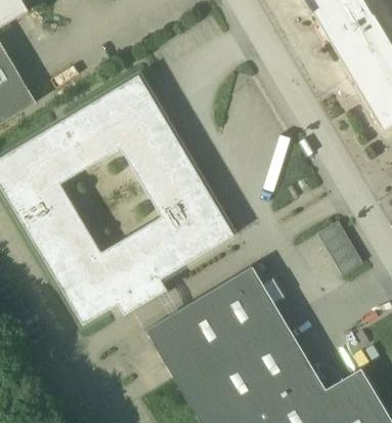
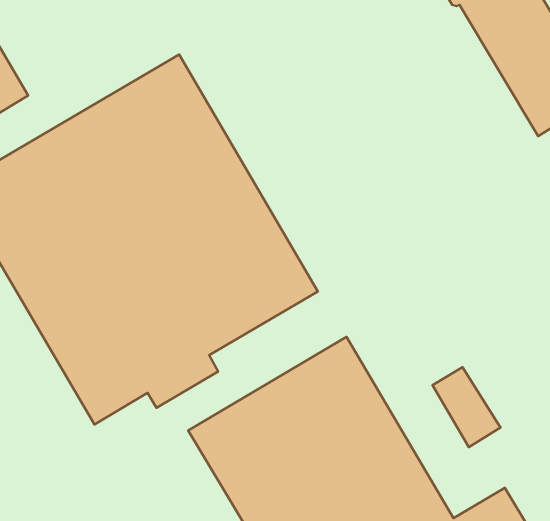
building: [318,221,364,276] -> [432,367,500,447]

